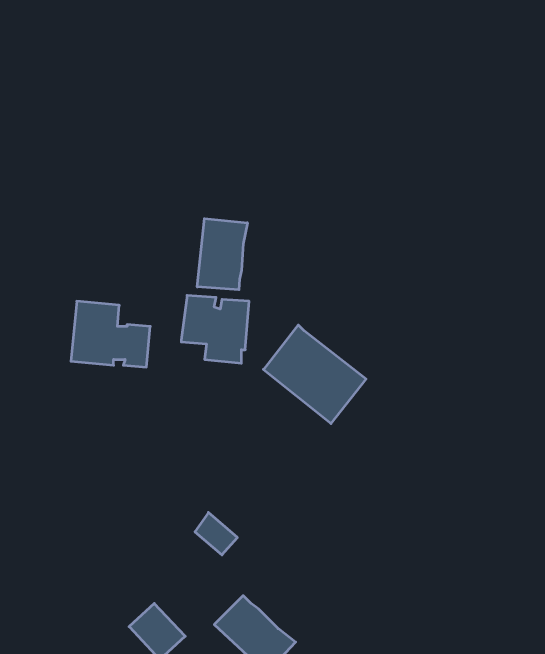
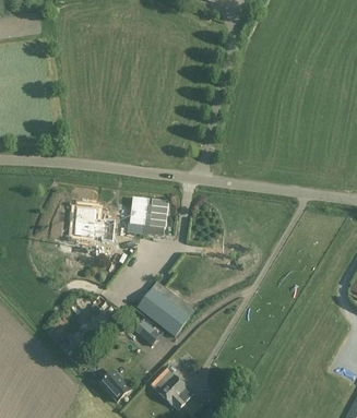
building: [197,219,247,290] -> none
building: [263,325,366,424] -> [138,283,195,338]

